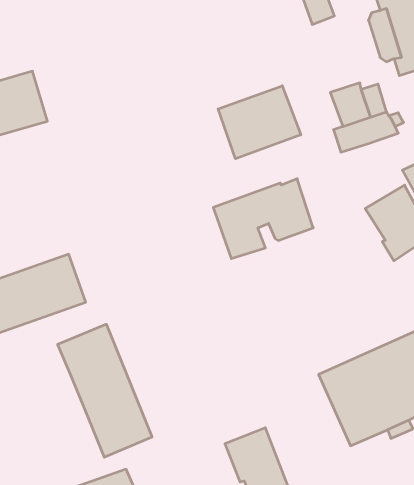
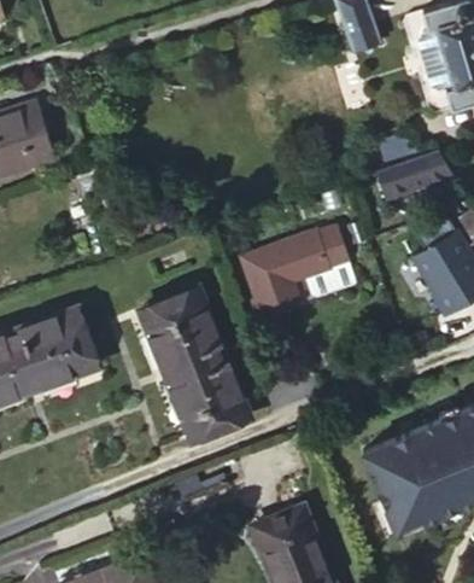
building: [218,86,301,159] -> none
building: [58,324,152,457] -> [142,287,250,438]

